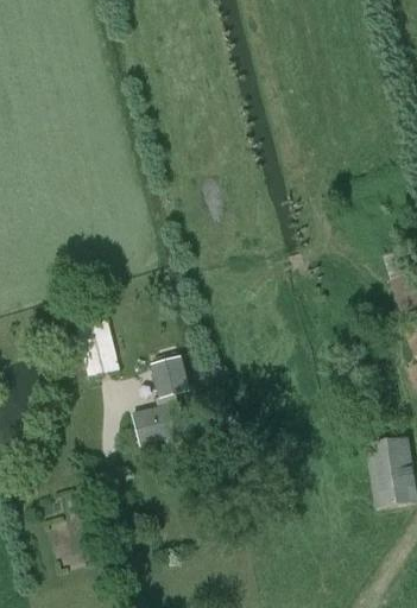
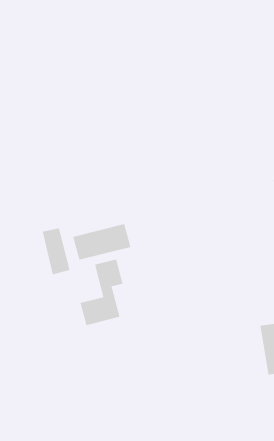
building: none -> [72,223,131,260]

